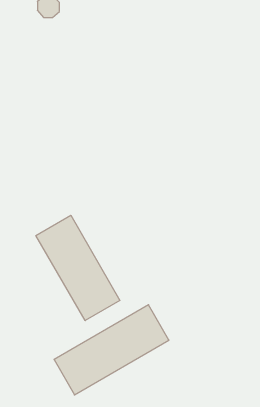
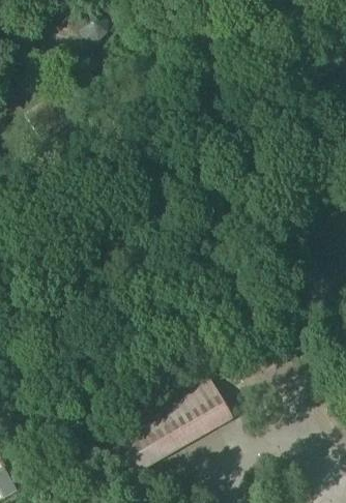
building: [36,215,120,321] -> none

